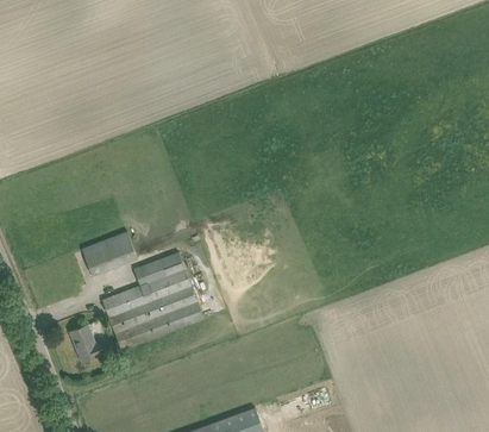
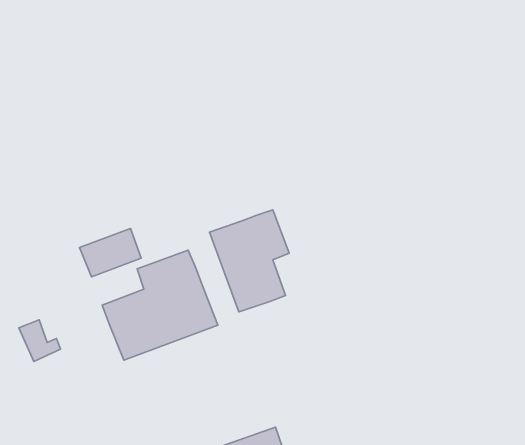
building: none -> [209,210,289,312]
building: [70,324,107,361] -> [19,320,61,361]

